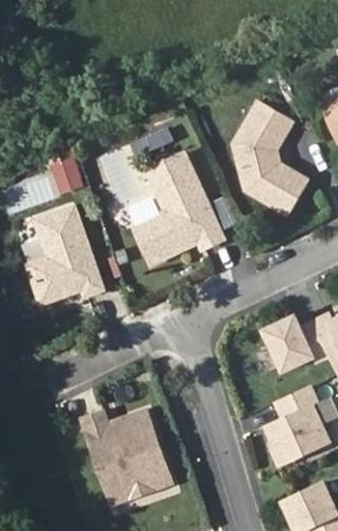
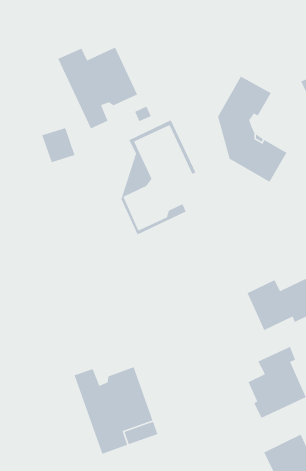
building: none -> [57,46,138,130]
building: [136,155,223,264] -> none
building: [29,208,104,304] -> none

